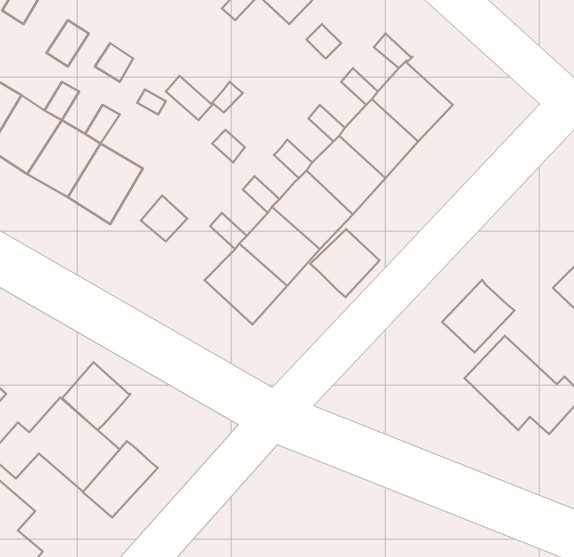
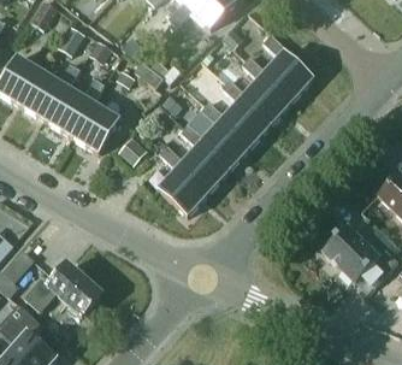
building: [310,229,379,297] -> none
building: [442,280,514,352] -> none
building: [62,362,130,430] -> none
building: [83,441,158,518] -> none

